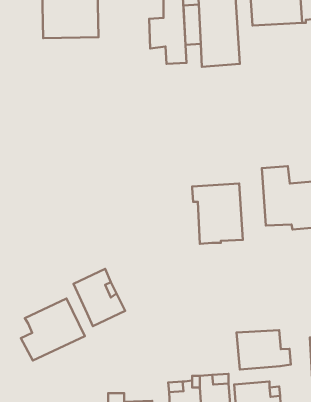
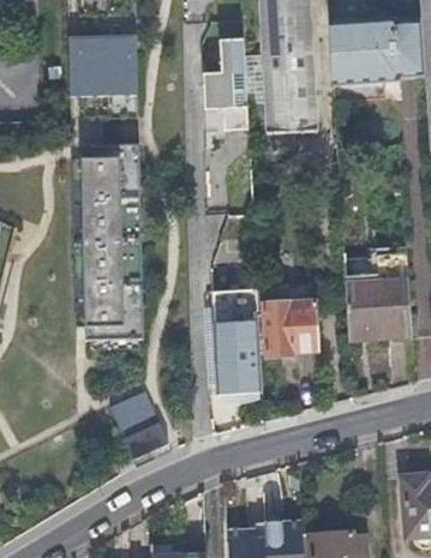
building: none -> [82,140,144,336]
building: none -> [211,287,262,392]
building: [21,298,85,360] -> none
building: [237,330,291,370] -> none

